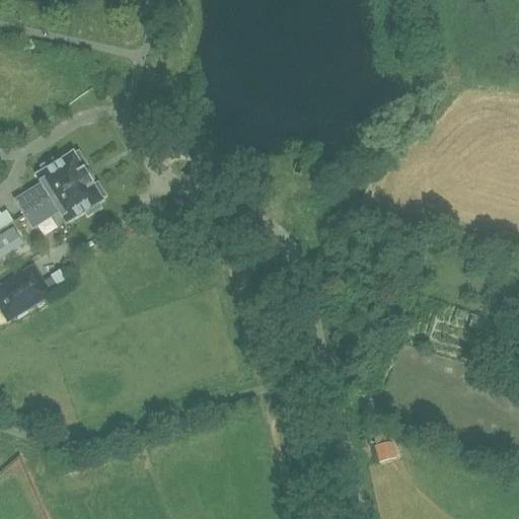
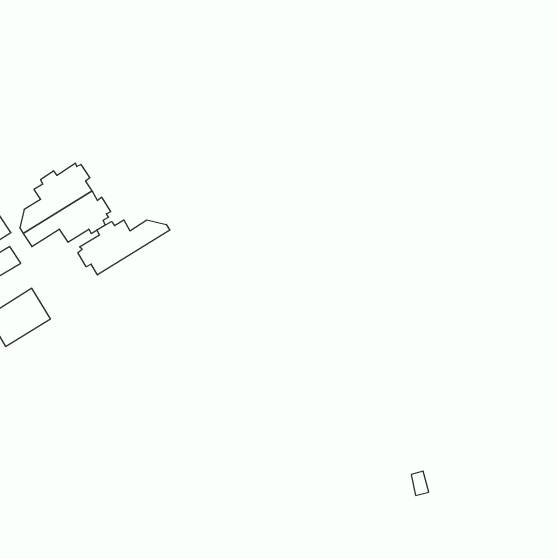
building: none -> [78,220,170,275]

